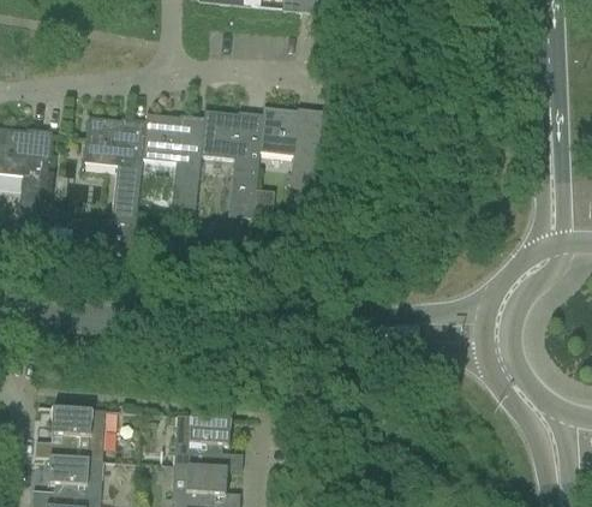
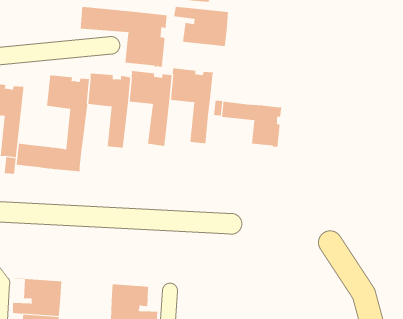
building: none -> [80,6,168,68]
building: none -> [171,6,229,47]
building: none -> [221,101,282,147]

